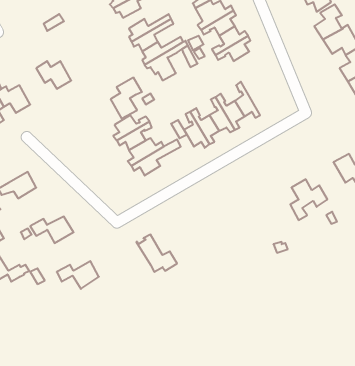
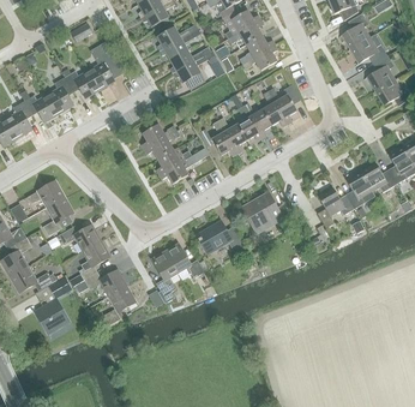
building: none -> [47,77,72,113]
building: none -> [267,84,300,124]
building: [111,78,142,118] -> [88,48,119,89]
building: none -> [345,170,375,208]
building: none -> [241,192,293,233]
building: none -> [42,196,73,235]
building: none -> [194,220,245,255]
building: none -> [78,240,109,280]
building: none -> [150,250,178,301]
building: none -> [35,285,68,333]
building: none -> [103,285,136,324]

